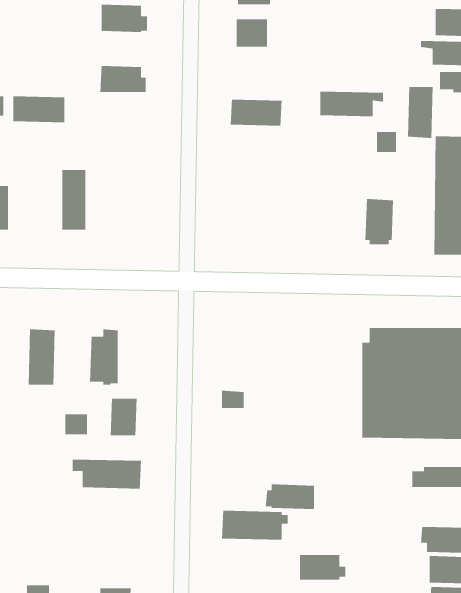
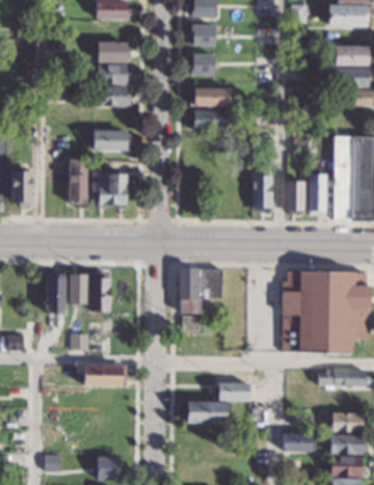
building: none -> [98,65,131,85]
building: [407,86,433,139] -> [308,174,326,212]
building: [319,91,384,117] -> [190,88,236,107]
building: [13,95,65,123] -> [94,131,131,151]
building: none -> [99,171,127,206]
building: none -> [251,176,272,212]
building: none -> [180,269,222,314]
building: [110,398,138,436] -> [68,278,87,305]
building: [299,554,346,581] -> [283,433,316,452]

